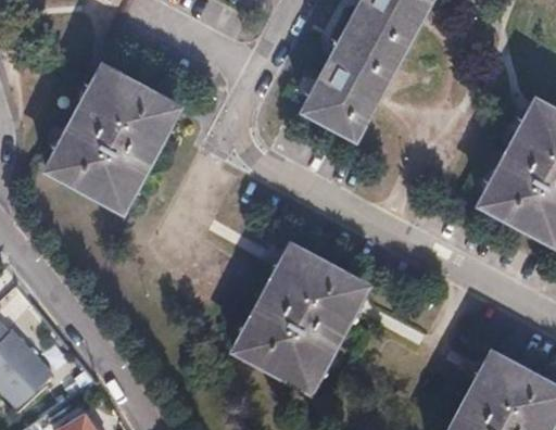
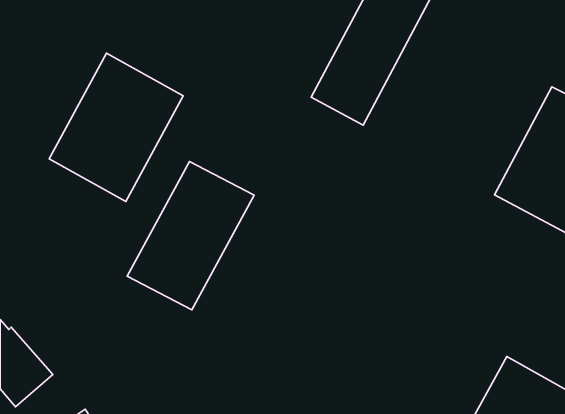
building: none -> [127,161,254,310]
building: [235,252,365,397] -> none

